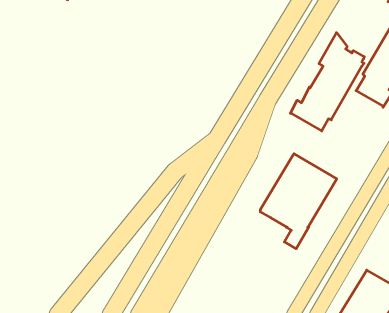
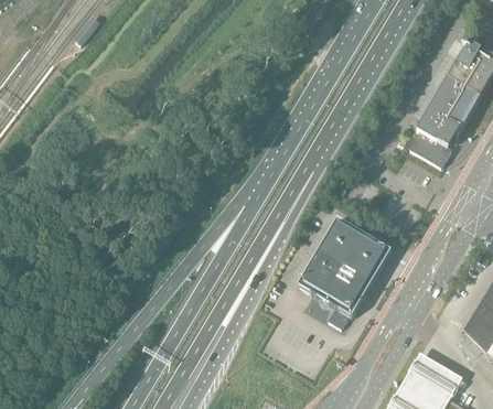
building: [290,33,364,131] -> none

